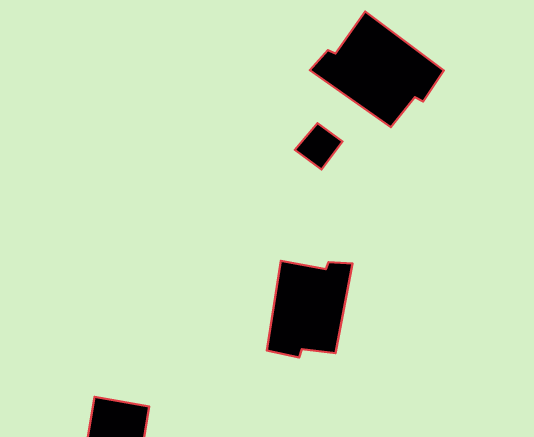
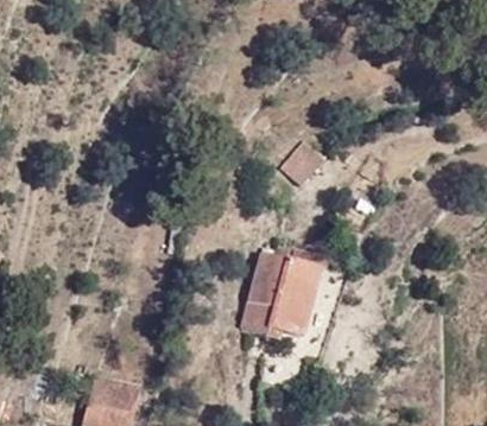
building: [310,11,444,127] -> none

